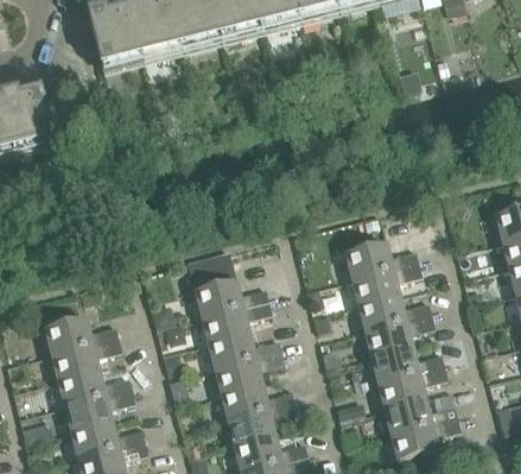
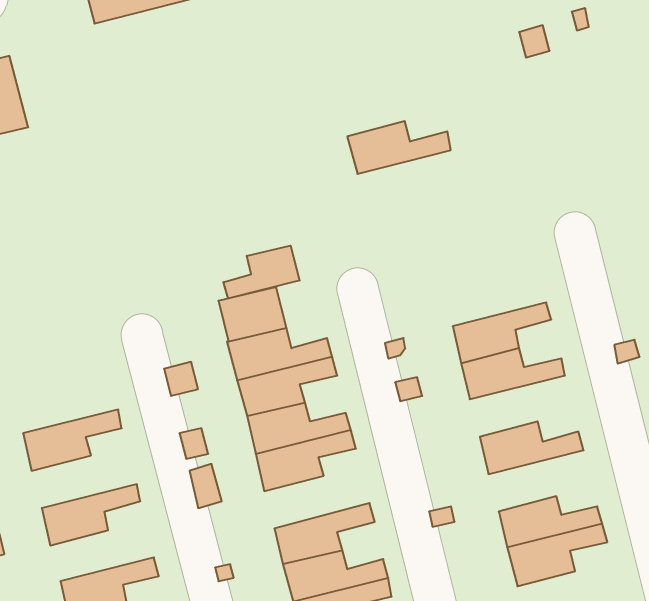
building: none -> [223,246,300,298]
building: [344,240,417,277] -> [347,121,451,174]
building: [363,311,433,354] -> none
building: [44,315,117,352] -> none
building: [376,364,446,406] -> none
building: [57,367,131,404] -> none
building: [220,381,293,418] -> none
building: [70,419,142,455] -> none

